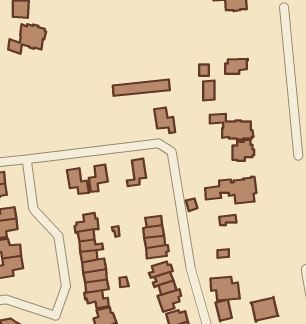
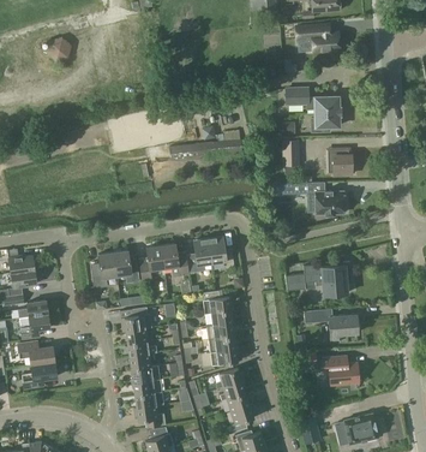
building: [8,24,46,54] -> none
building: none -> [287,88,341,113]
building: [154,107,175,133] -> [209,236,235,268]
building: [232,140,254,161] -> [328,148,355,174]
building: none -> [161,243,190,276]
building: none -> [92,252,116,287]
building: none -> [204,290,234,314]
building: none -> [330,314,361,339]
building: [210,277,240,301] -> [323,355,360,385]

